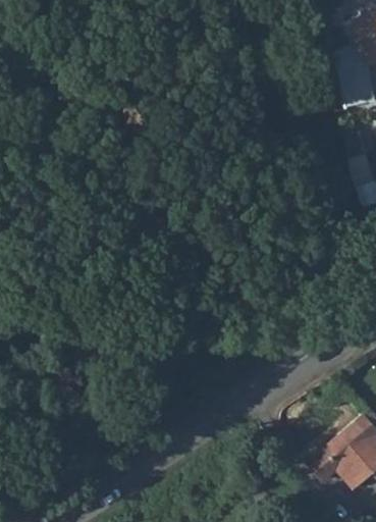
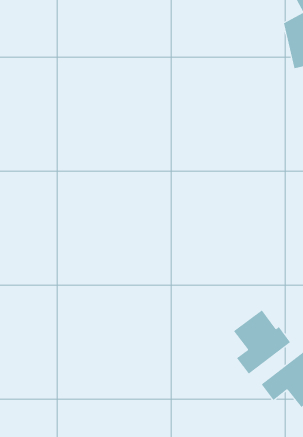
building: none -> [233,310,291,375]

